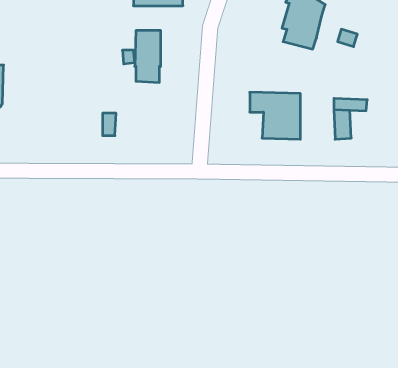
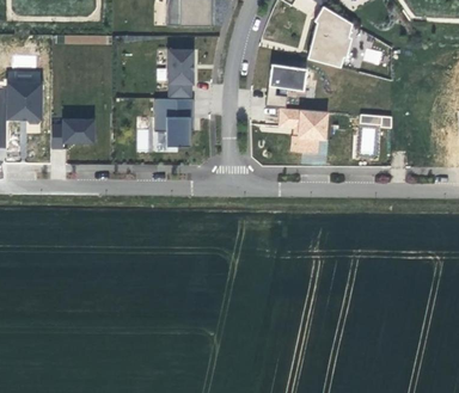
building: none -> [270,66,306,90]
building: none -> [154,99,194,147]
building: none -> [50,118,93,148]

